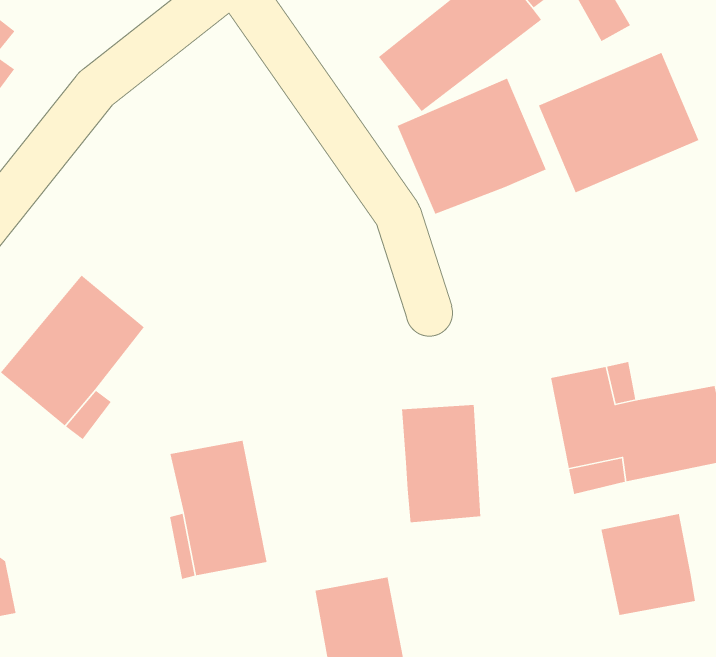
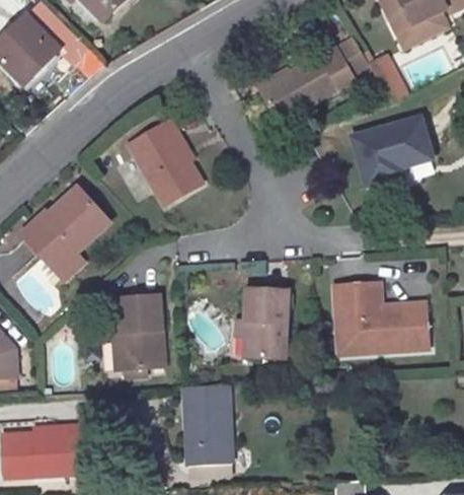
building: [397,77,547,215] -> none
building: none -> [129,126,202,211]
building: [600,513,696,616] -> none

